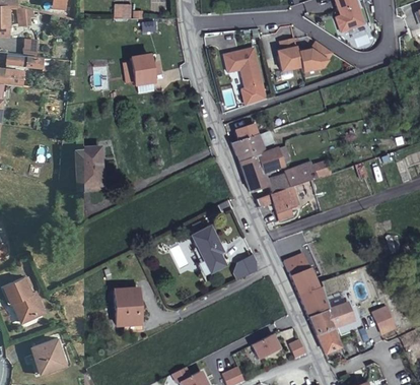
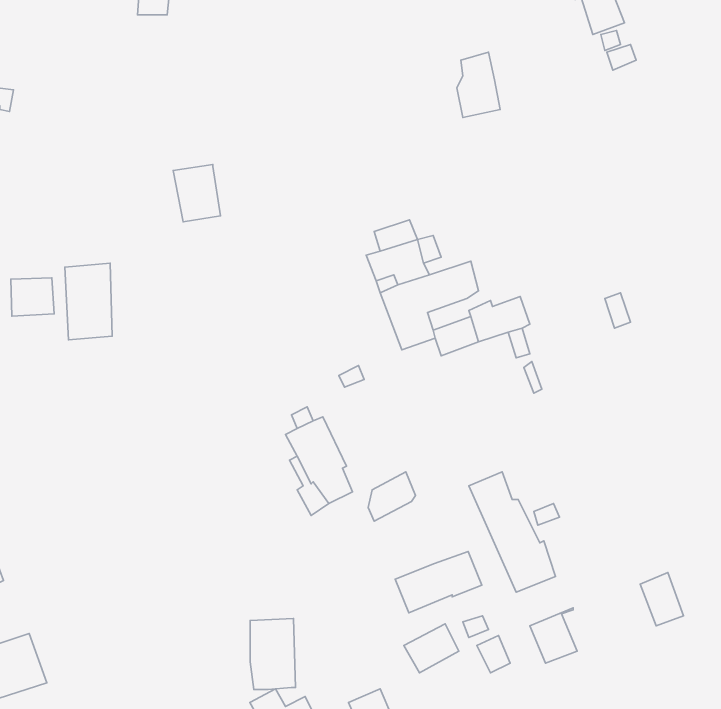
building: [298,42,334,73] -> none
building: [224,48,264,104] -> none
building: [129,55,153,84] -> [173,165,221,222]
building: none -> [11,278,54,316]
building: [257,188,300,219] -> none
building: [116,290,139,326] -> [250,618,295,689]
building: [309,303,354,334] -> [395,552,482,613]

